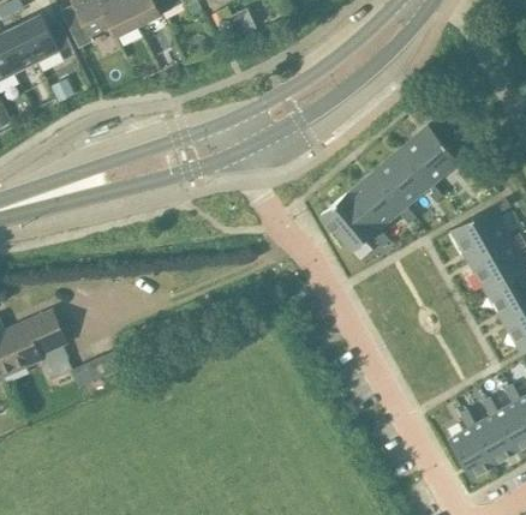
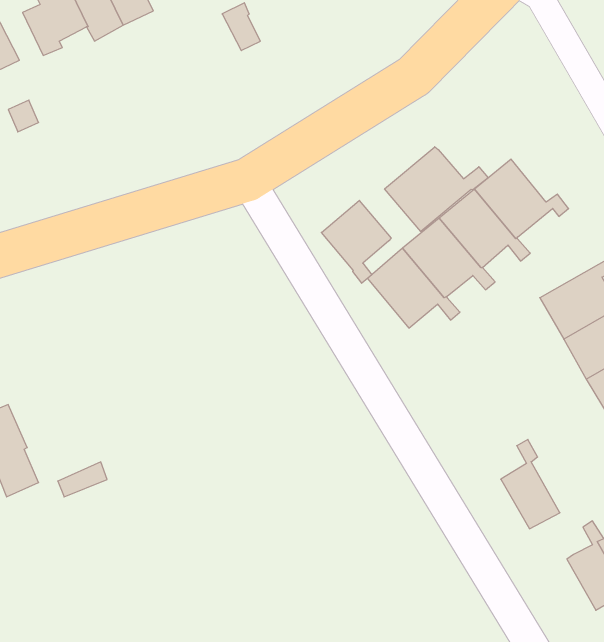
building: none -> [385,147,488,232]
building: none -> [321,200,391,283]
building: [448,409,492,477] -> [501,439,560,529]

